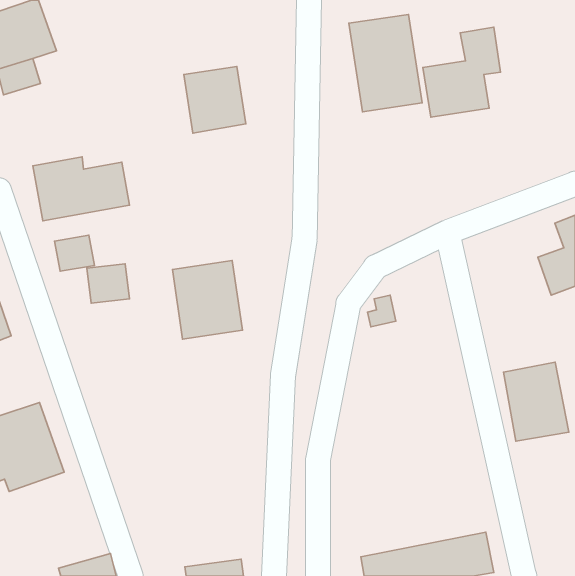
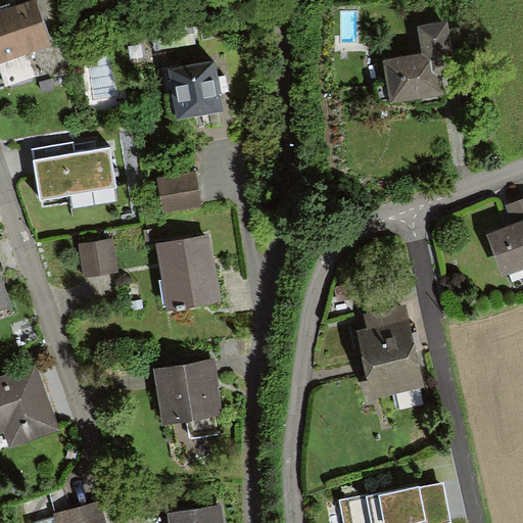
building: [349,14,422,112] -> none
building: none -> [157,172,199,210]
building: [55,235,94,271] -> none
building: [503,362,569,441] -> [364,306,423,378]
building: none -> [155,363,221,440]

